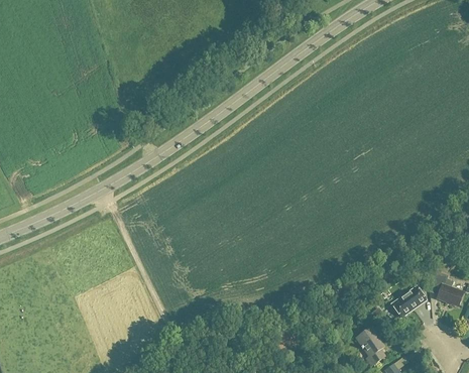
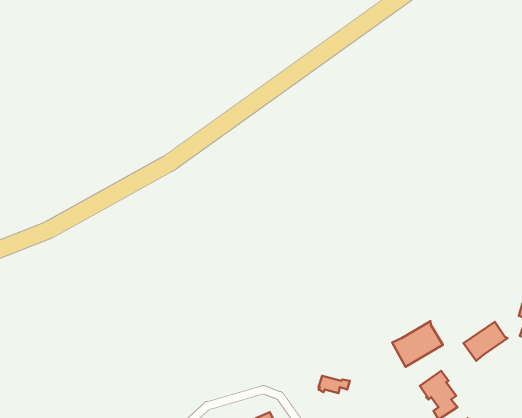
building: none -> [392,321,443,367]

